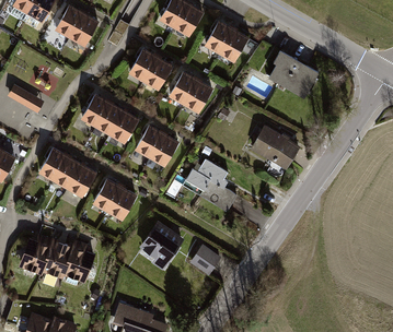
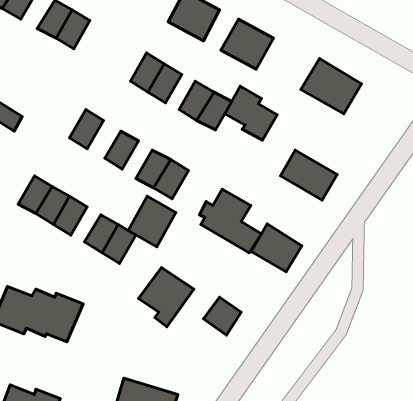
building: none -> [225,86,277,140]
building: [95,103,123,133] -> none
building: none -> [128,196,176,247]
building: none -> [251,224,302,272]

